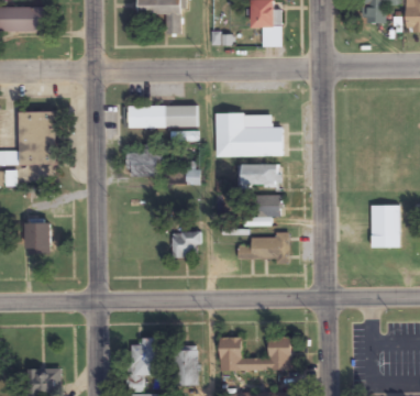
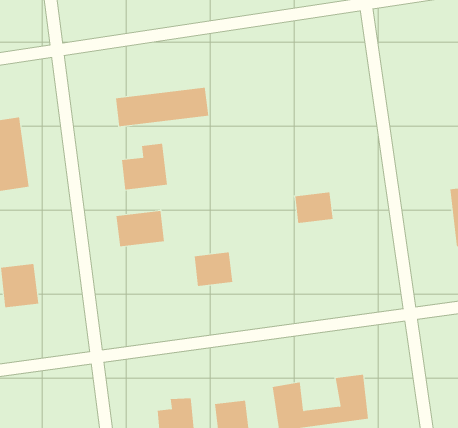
building: [214,113,283,157] -> none
building: [241,164,280,187] -> none
building: none -> [116,210,164,247]
building: [237,233,289,261] -> none

